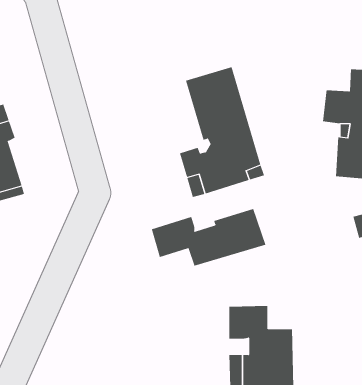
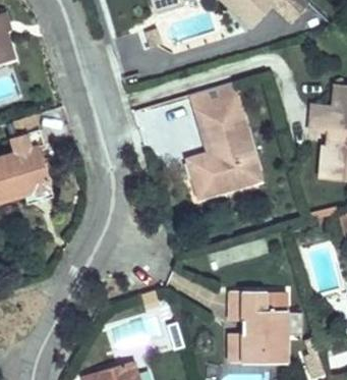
building: [151,208,266,267] -> none

